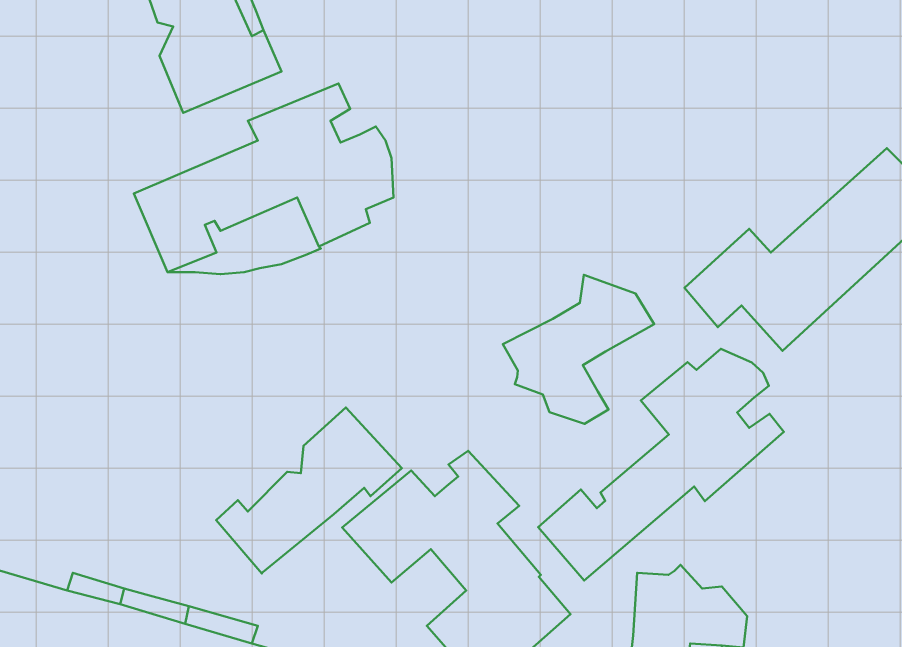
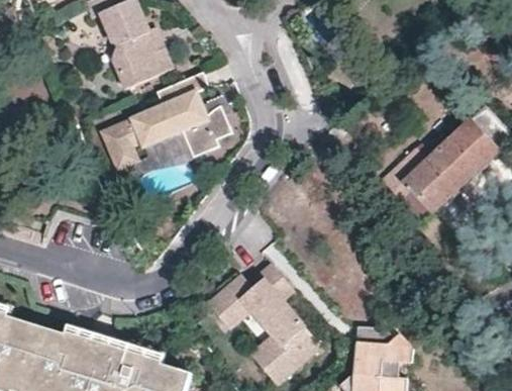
building: [503,275,654,424] -> none
building: [538,349,784,581] -> none
building: [216,407,402,574] -> none

